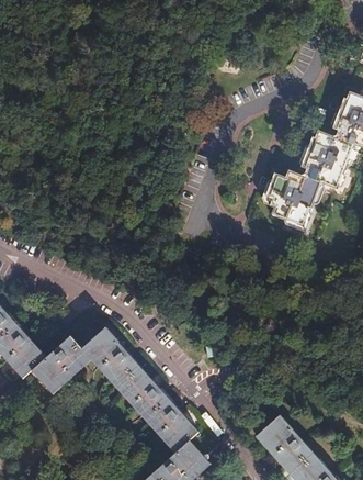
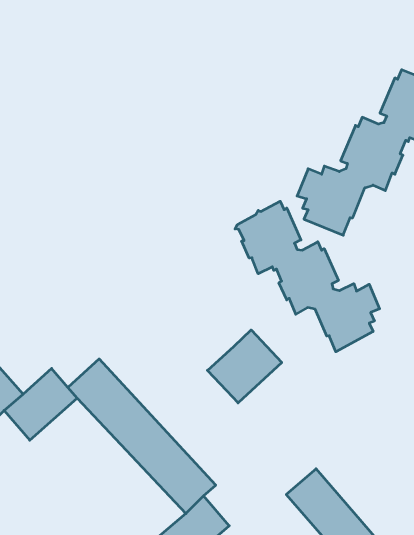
building: none -> [235,201,380,352]
building: none -> [207,330,282,403]

